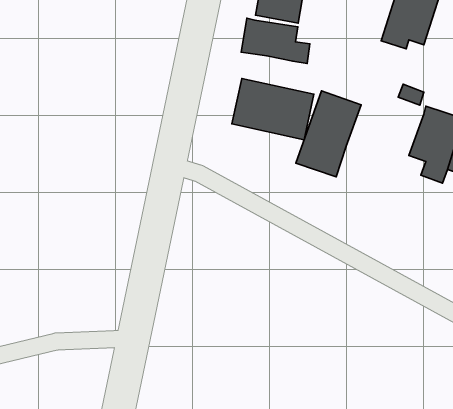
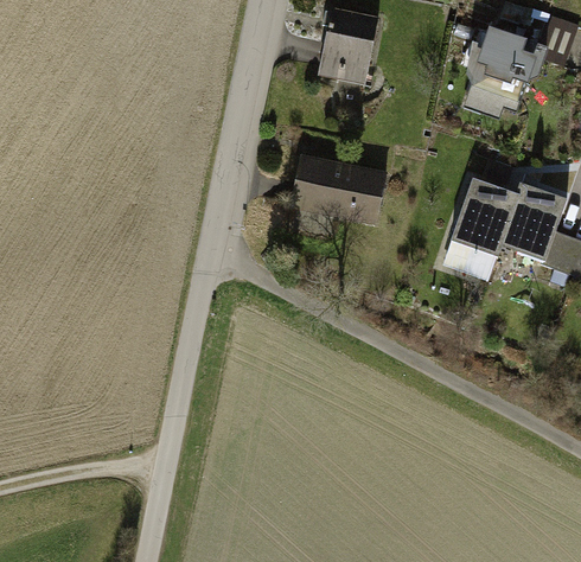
building: [241,18,310,63] -> none
building: [296,91,361,177] -> [441,178,519,281]

